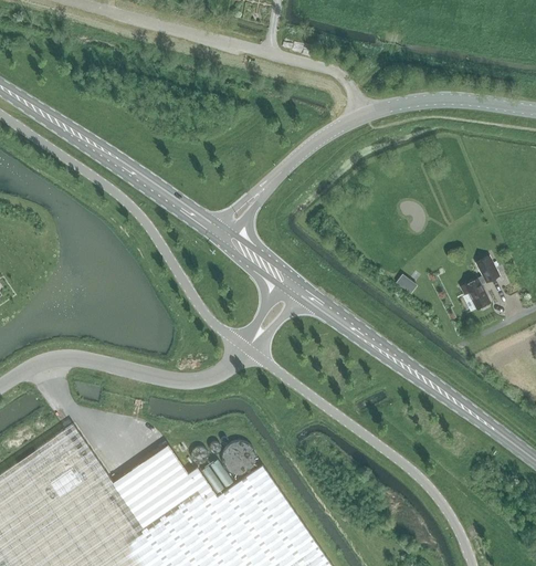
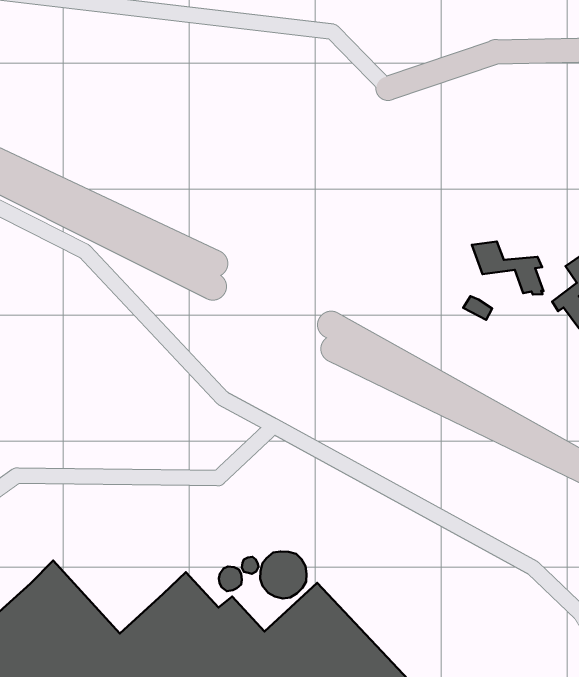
building: none -> [472,241,544,295]

